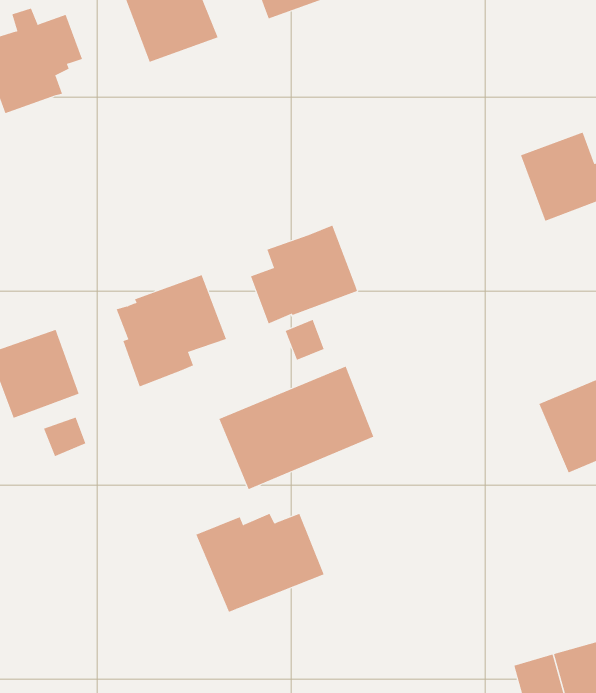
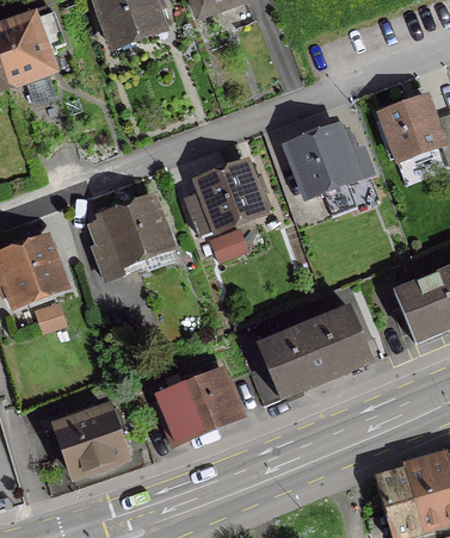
building: none -> [288,128,368,194]
building: [218,366,374,490] -> [258,308,370,397]
building: none -> [39,404,124,474]

